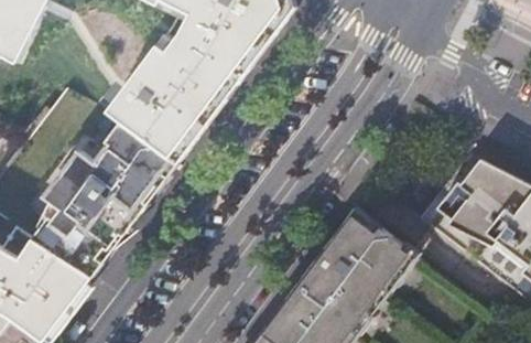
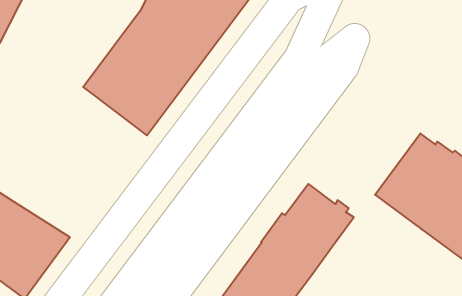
building: [33,119,177,274] -> none

